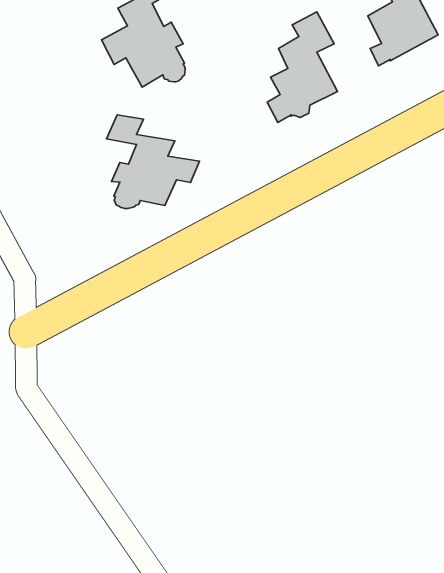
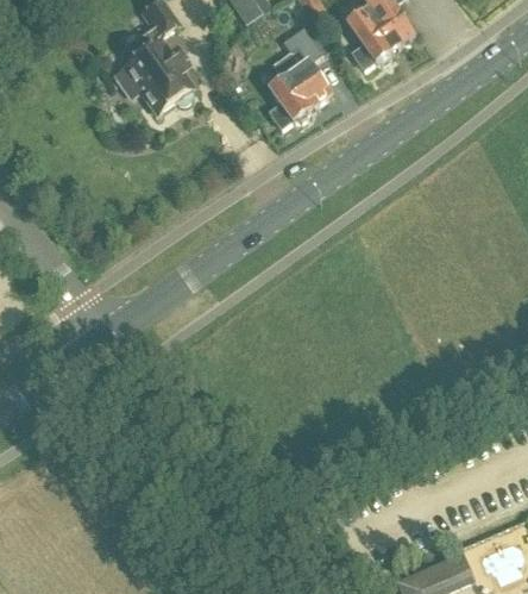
building: [107,115,199,209] -> none

